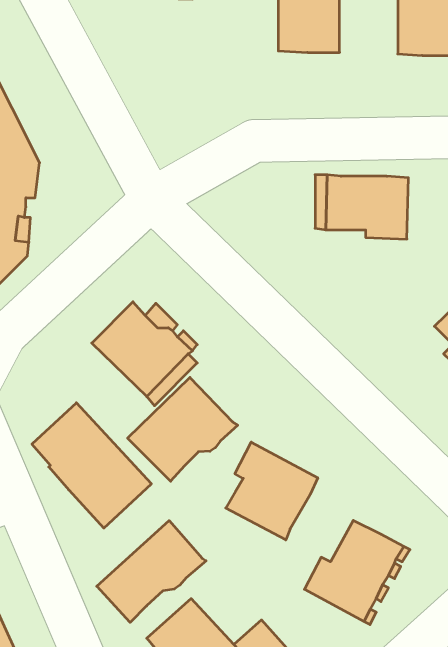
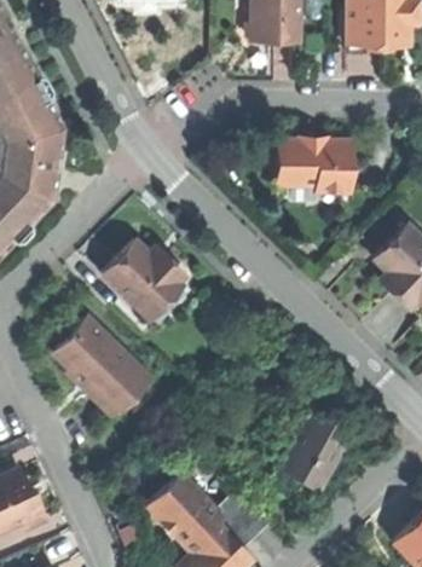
building: [128,377,238,481] -> none
building: [226,442,318,540] -> none
building: [97,521,206,622] -> none

